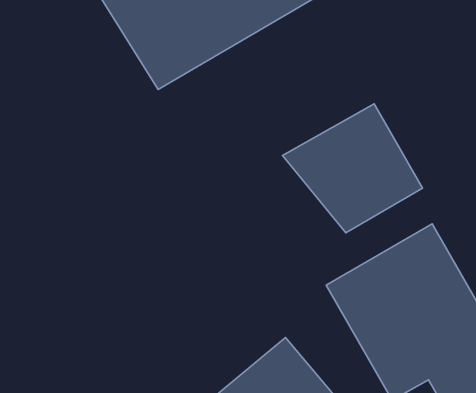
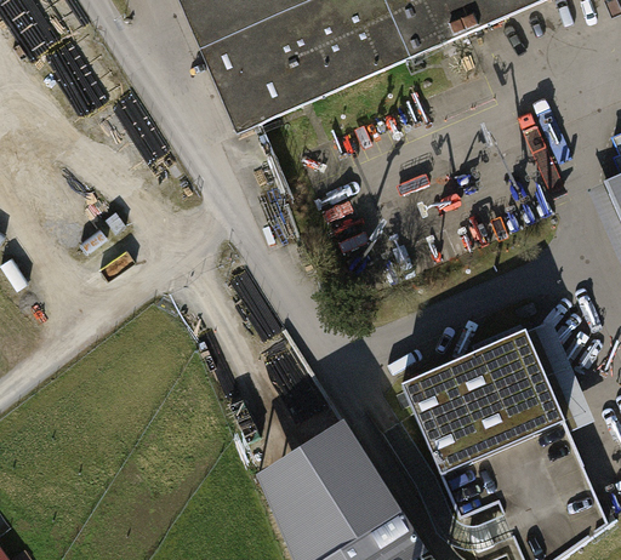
building: [282,104,423,233] -> none

